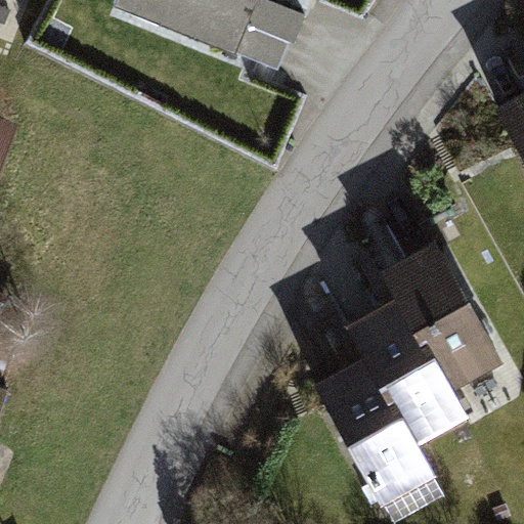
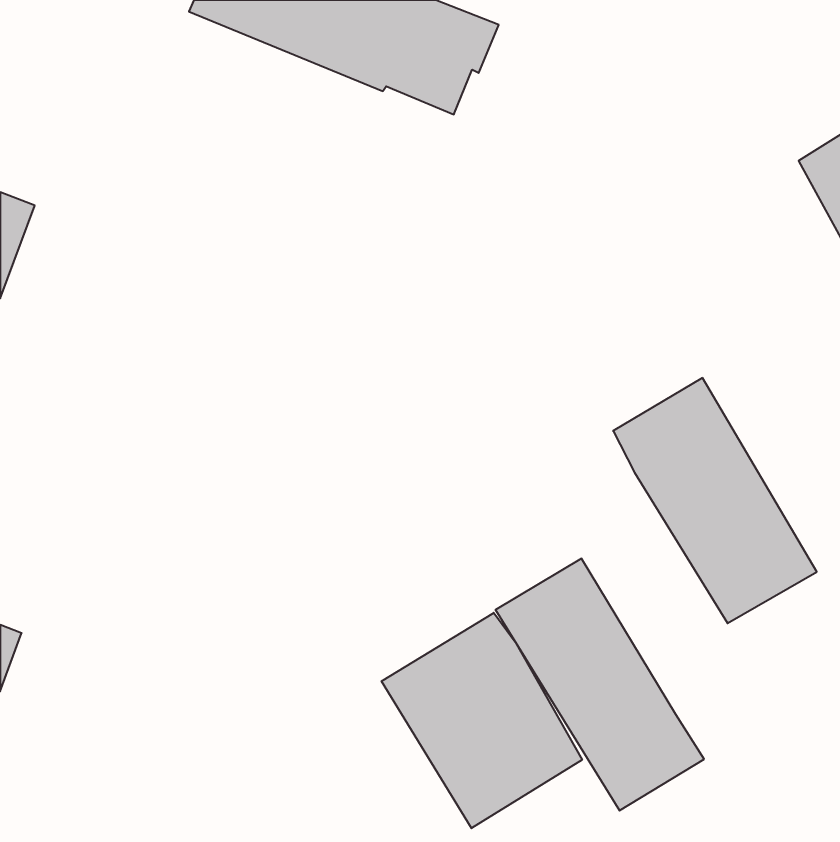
building: [348,295,470,444] -> none
building: none -> [382,613,582,828]

